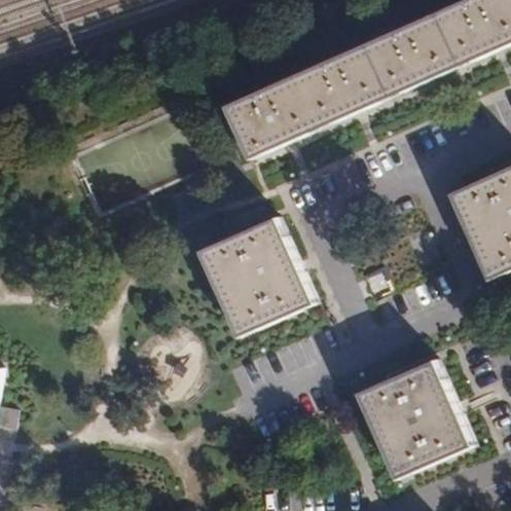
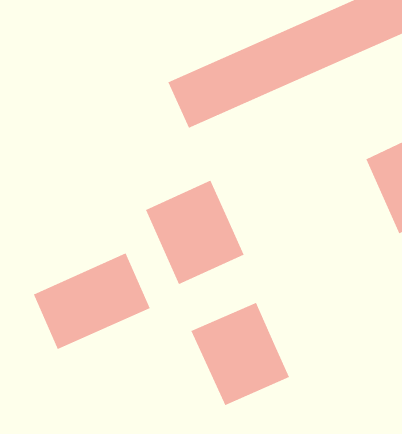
building: none -> [33,253,150,350]
building: [357,361,470,479] -> [190,302,290,406]

